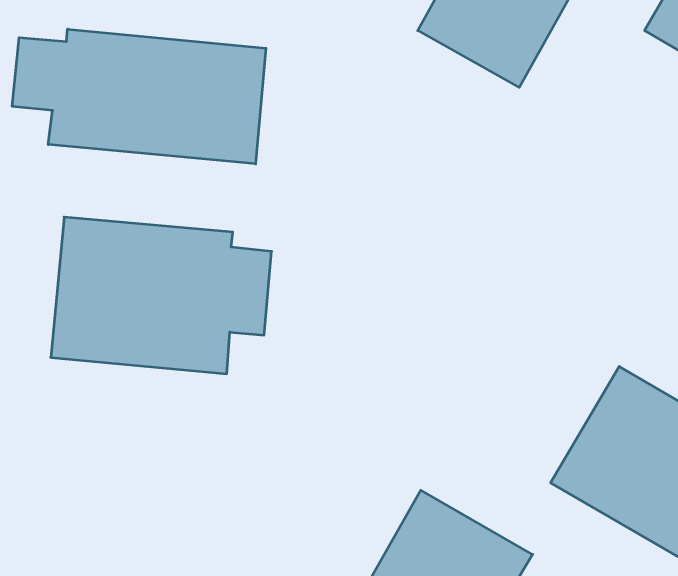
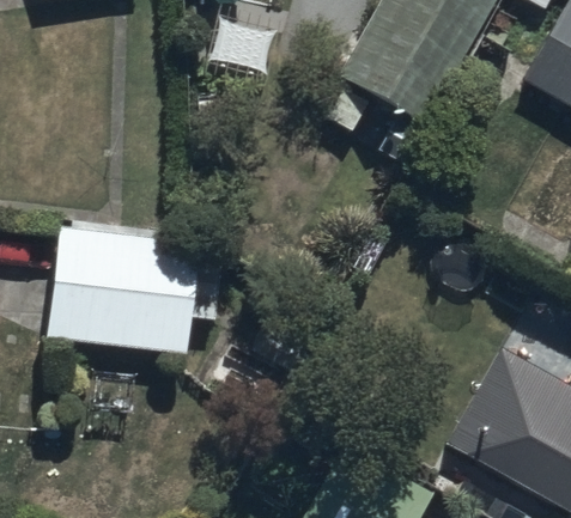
building: [12,29,266,164] -> none

